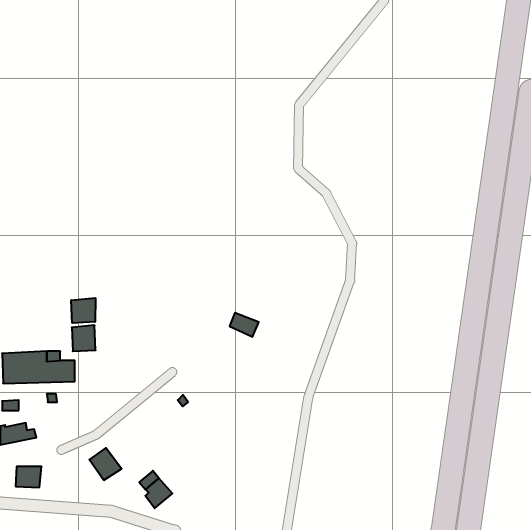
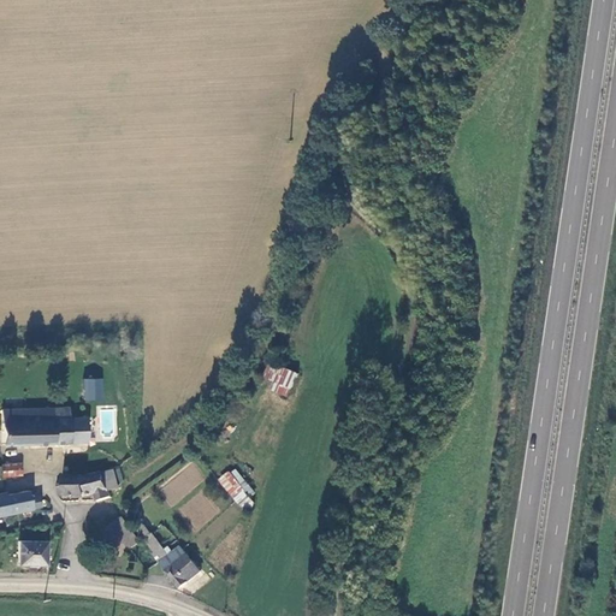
building: [71,298,95,323] -> none
building: none -> [64,469,119,502]
building: none -> [219,472,249,502]

